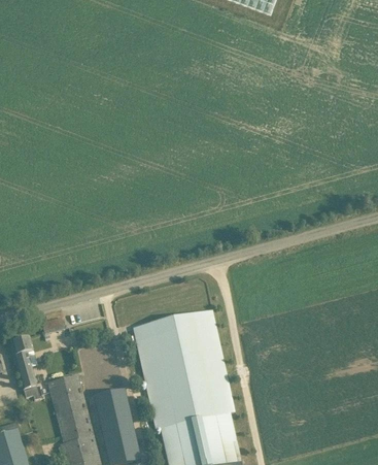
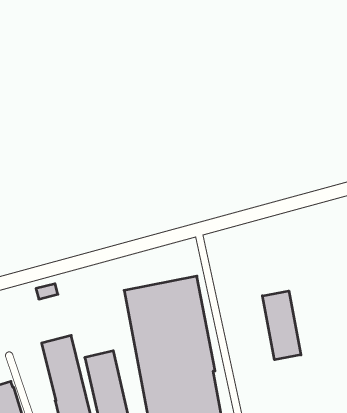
building: none -> [262,291,301,360]
building: [12,338,39,399] -> none

